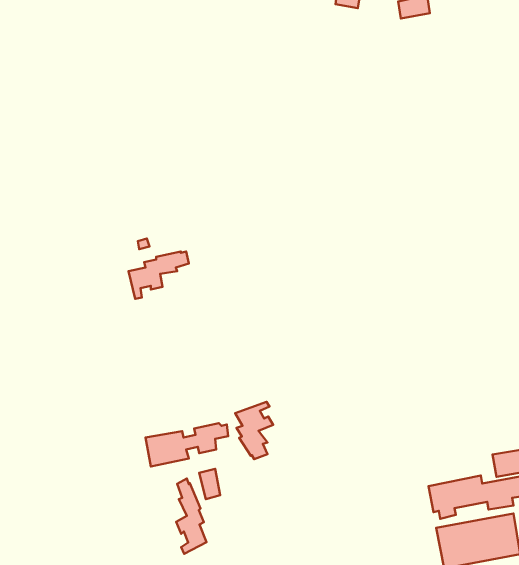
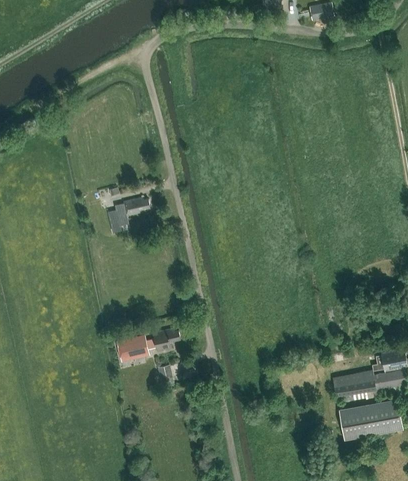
building: [235,402,273,459] -> none
building: [176,479,207,554] -> none

